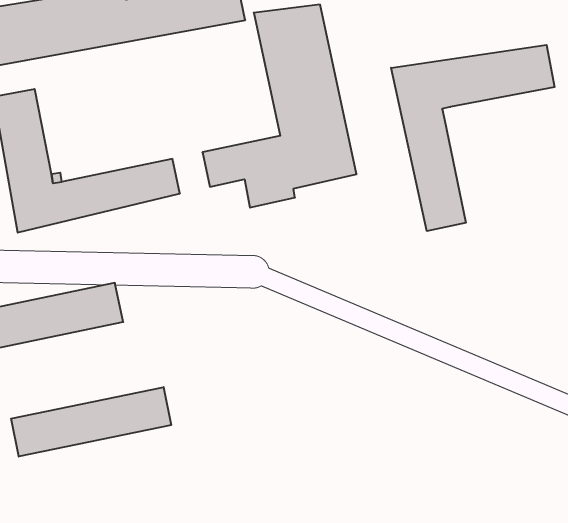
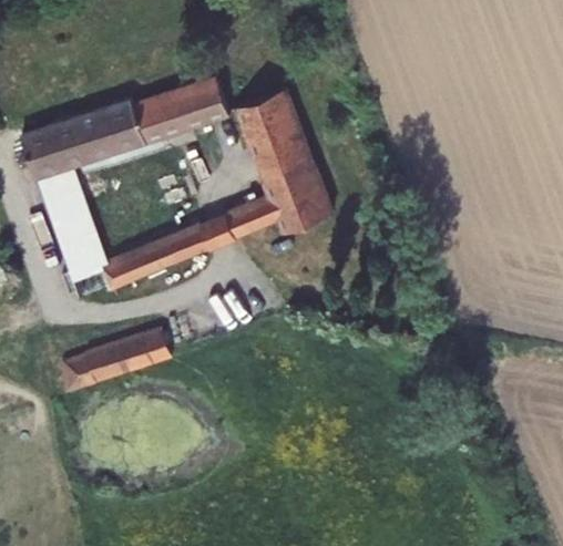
building: [391,45,555,231] -> none
building: [11,387,171,457] -> none

